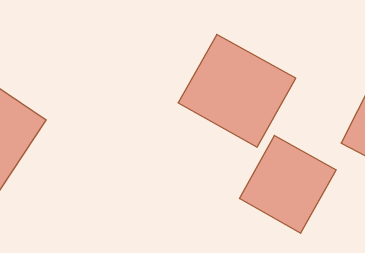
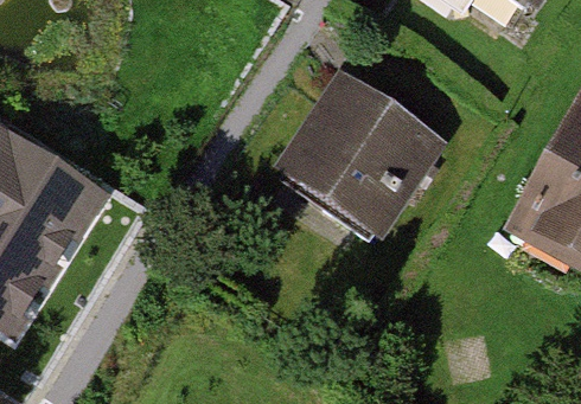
building: [240,135,336,233] -> none

